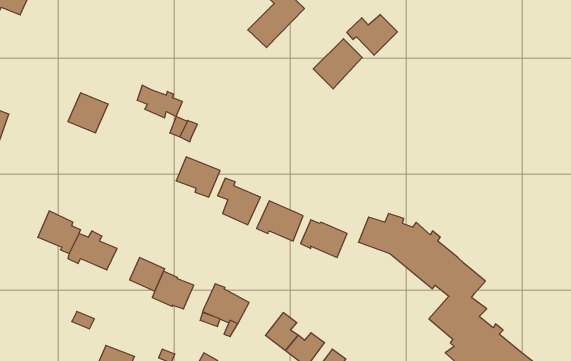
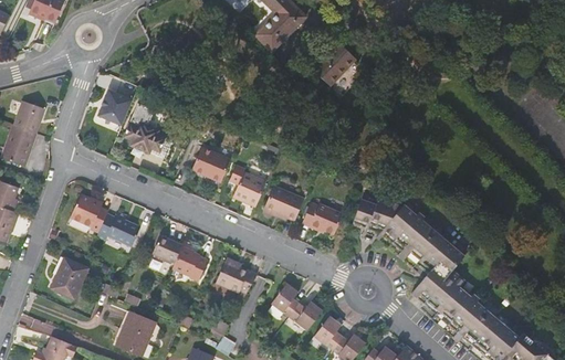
building: [347,14,397,55] -> none
building: [137,85,182,118] -> [125,123,165,151]
building: none -> [50,257,88,300]

